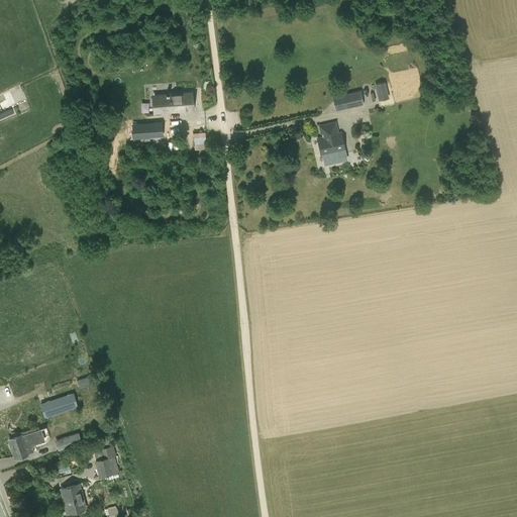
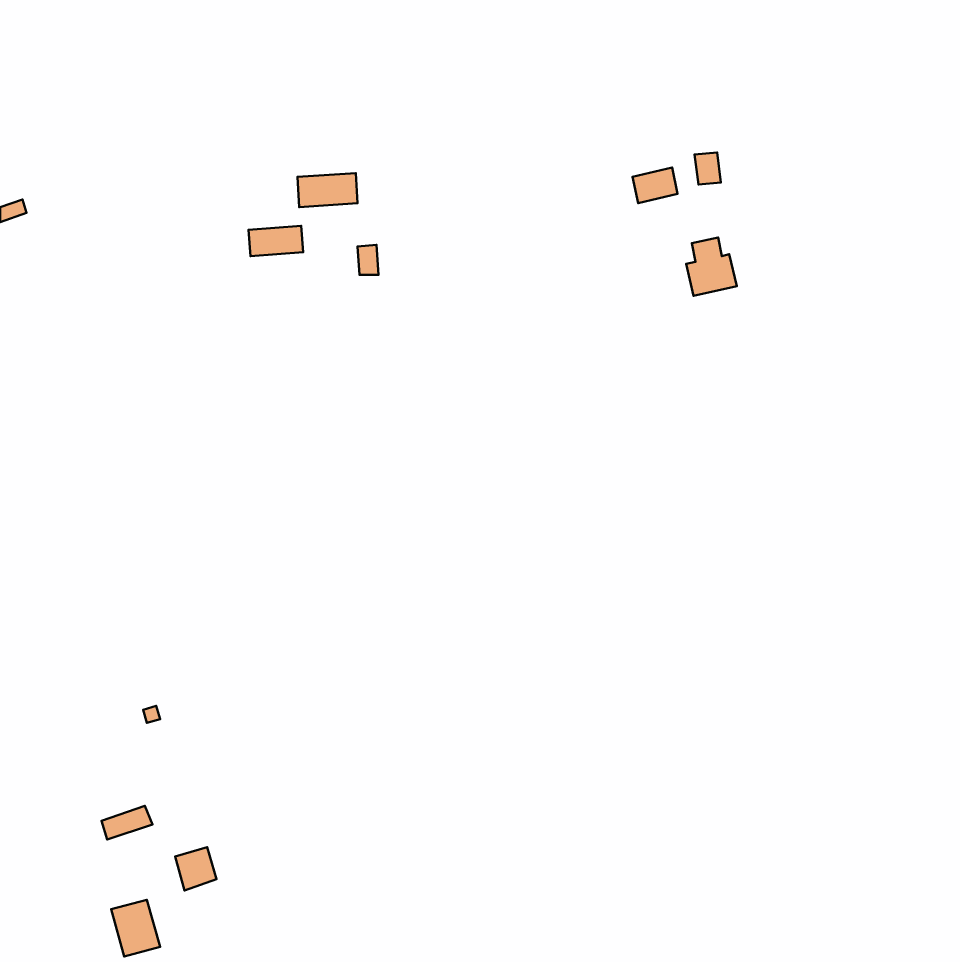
building: [318,124,345,156] -> [686,237,737,296]
building: [41,393,79,417] -> none
building: [9,432,35,458] -> none

